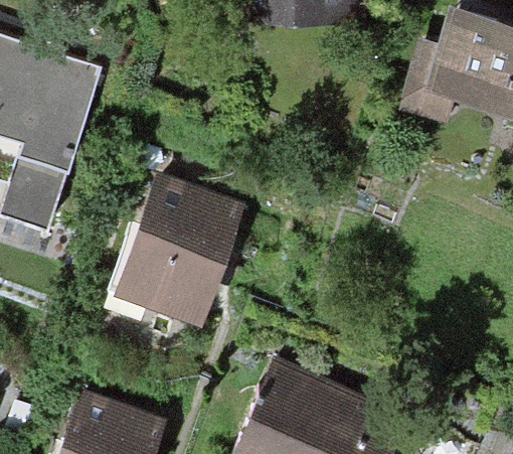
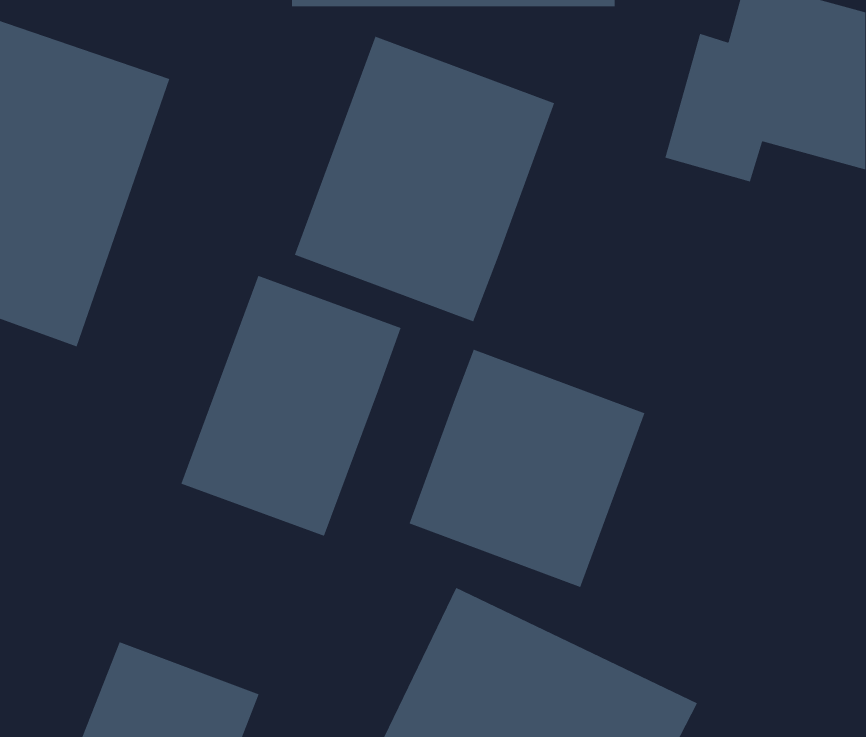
building: none -> [294,36,555,322]
building: none -> [409,349,645,588]

